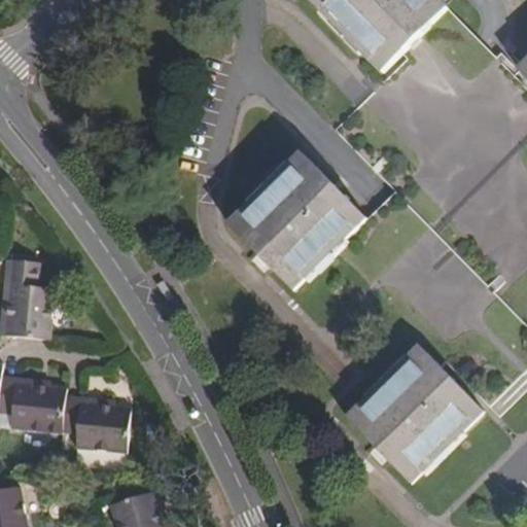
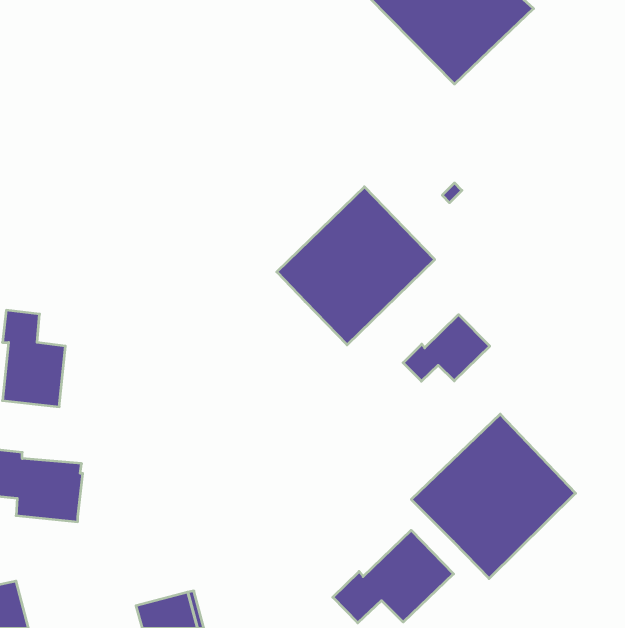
building: none -> [403,315,490,381]
building: [65,394,134,451] -> none
building: none -> [333,530,454,623]

